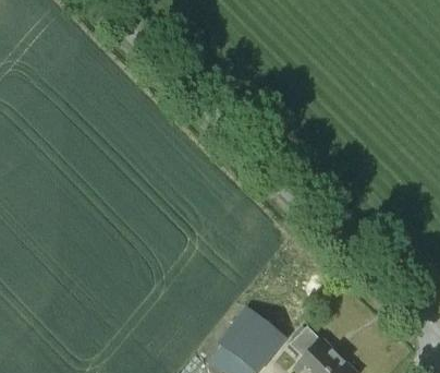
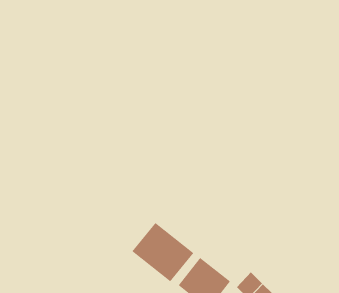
building: none -> [132,222,194,282]

